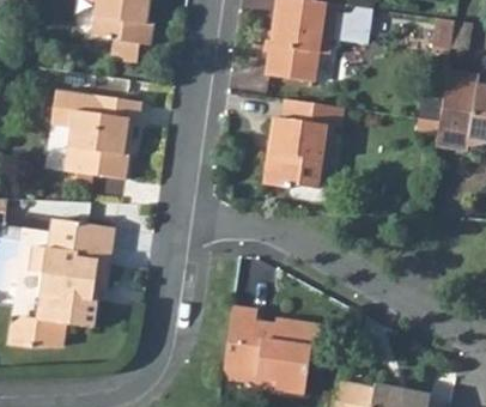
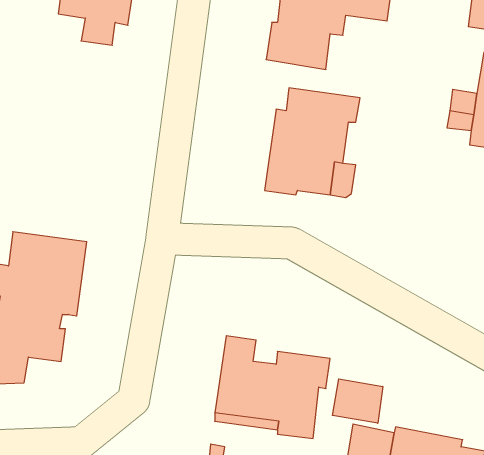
building: [50,91,141,180] -> none
building: none -> [332,379,383,423]

